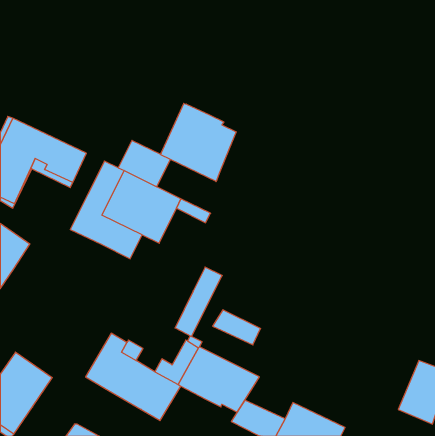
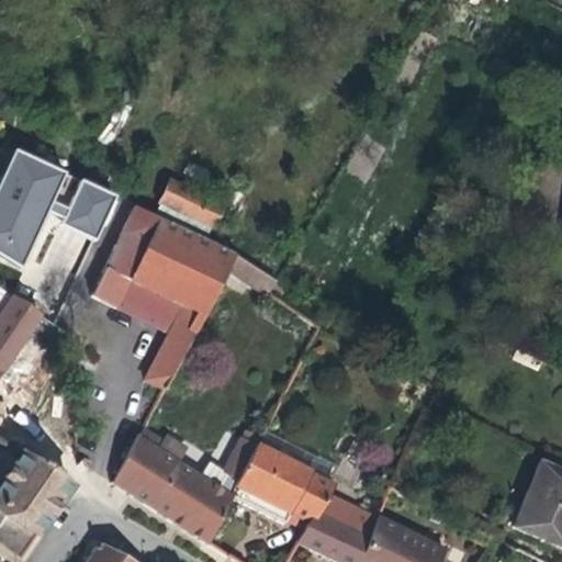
building: [161,103,236,182] -> none
building: [175,267,222,336] -> [147,301,207,390]
building: [213,310,261,345] -> [317,492,379,537]

